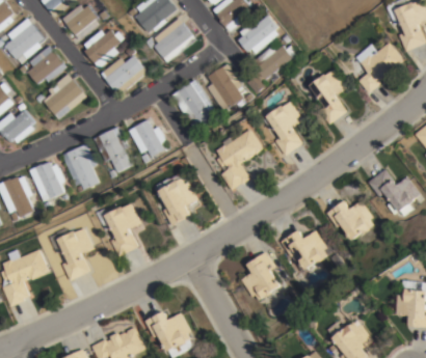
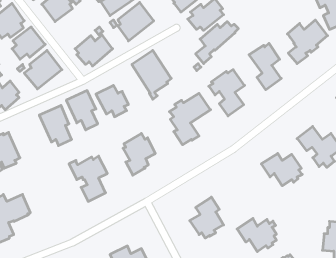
building: [84,31,126,71] -> none
building: [206,61,244,111] -> none
building: [28,159,64,196] -> none
building: [49,226,95,279] -> none
building: [279,227,326,267] -> [237,218,276,252]

